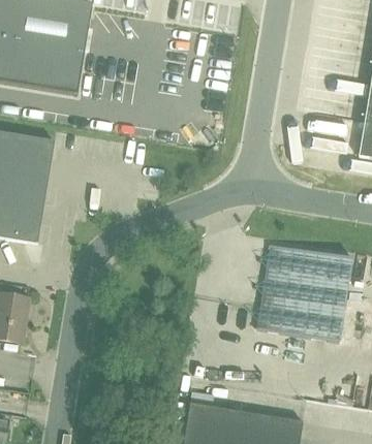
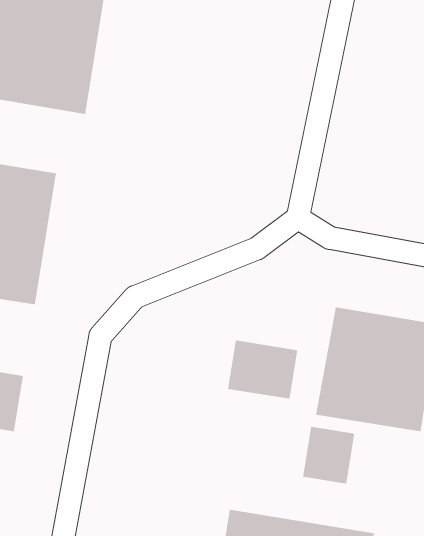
building: none -> [227,340,298,400]
building: none -> [302,426,355,484]

